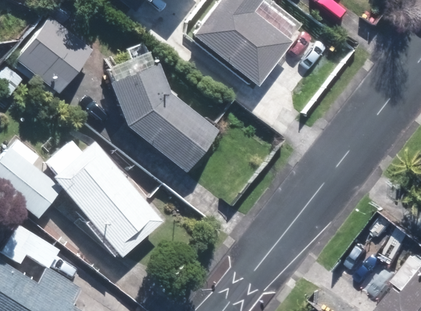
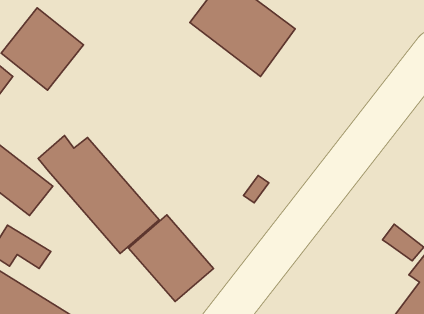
building: [108,39,220,171] -> none
building: none -> [128,215,213,302]

